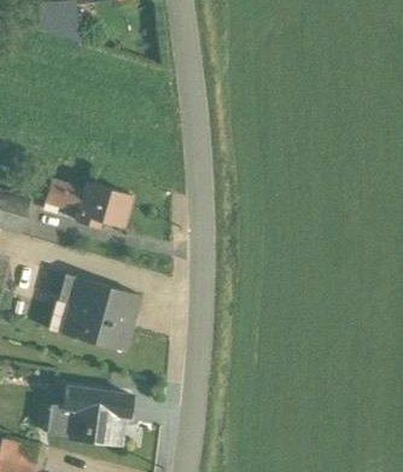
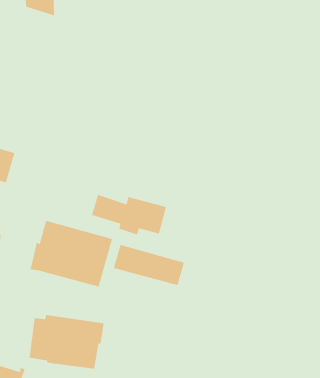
building: [43,181,130,228] -> [91,194,167,235]
building: none -> [113,244,185,286]

